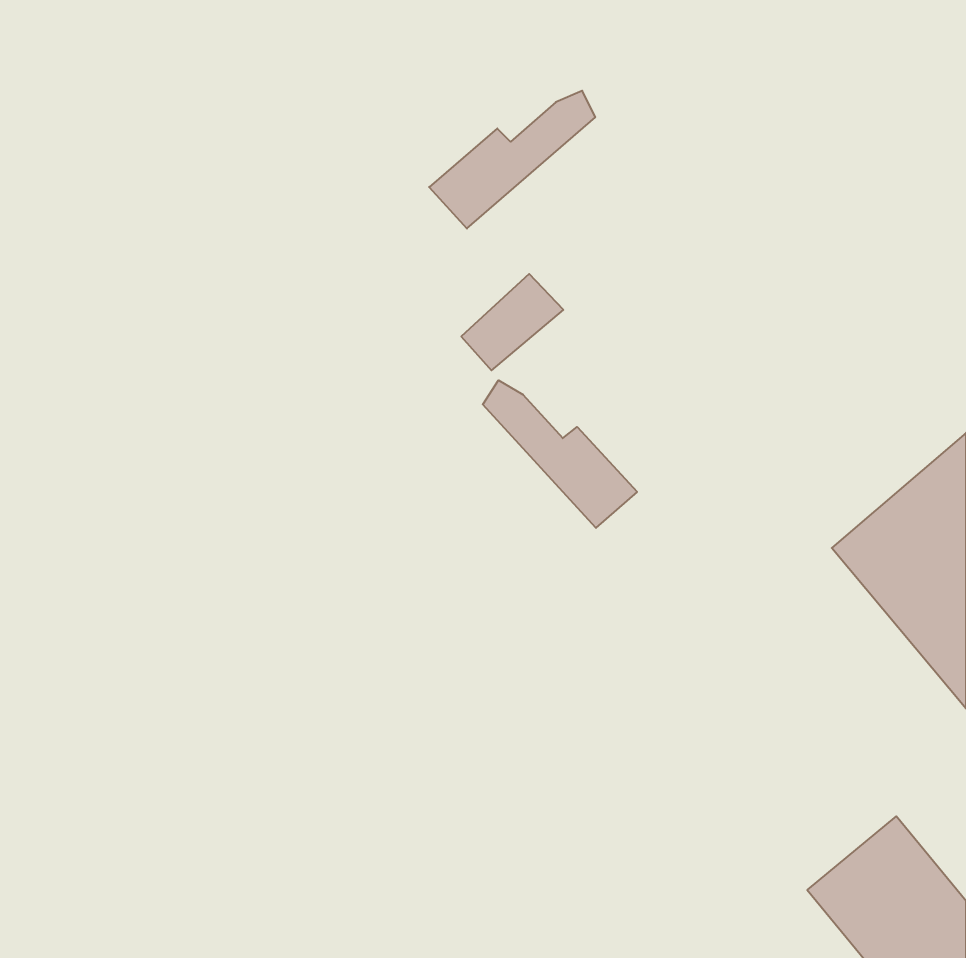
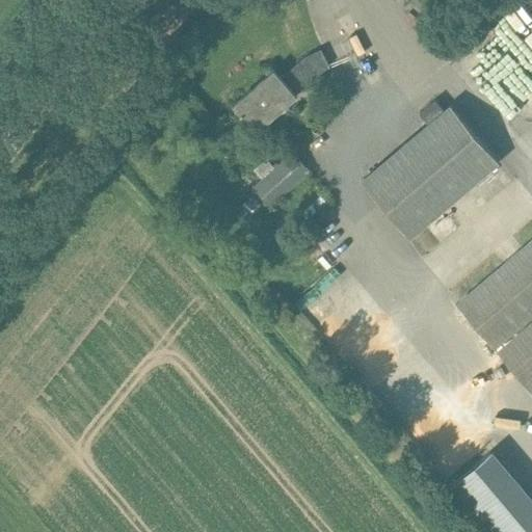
building: none -> [362,102,499,240]
building: [483,380,637,528] -> none

